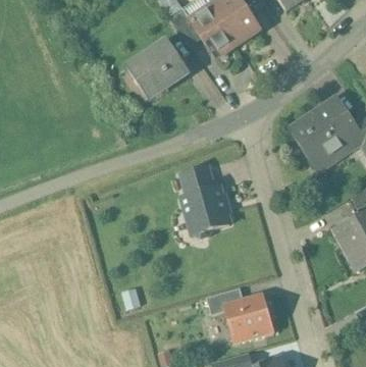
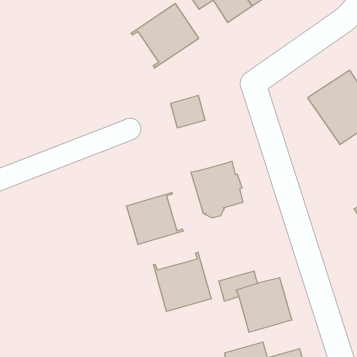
building: [181,165,213,195] -> [171,96,205,128]
building: none -> [127,193,183,245]
building: none -> [153,252,211,311]

